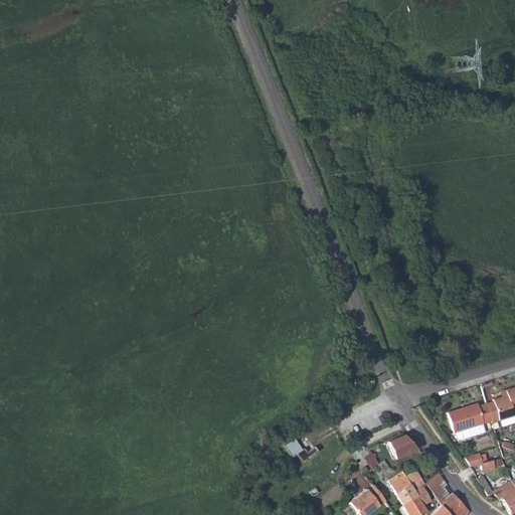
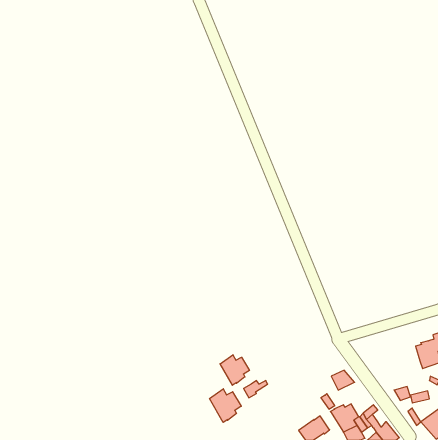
building: [448,404,493,442] -> none
building: none -> [220,355,249,385]
building: none -> [210,389,241,422]

